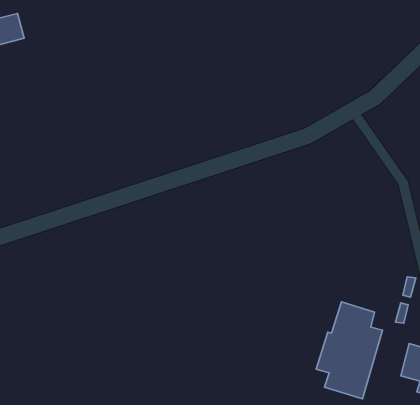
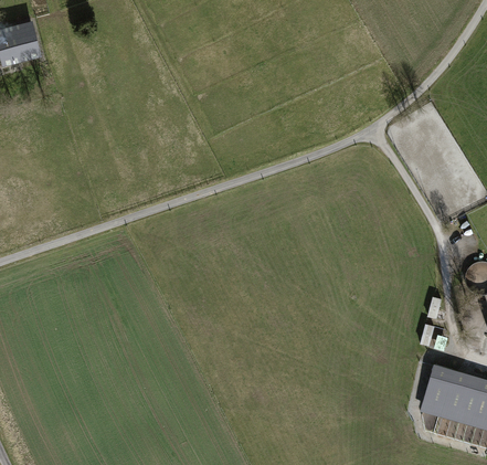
building: [316,302,383,399] -> none

